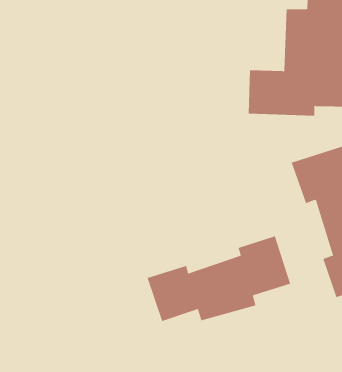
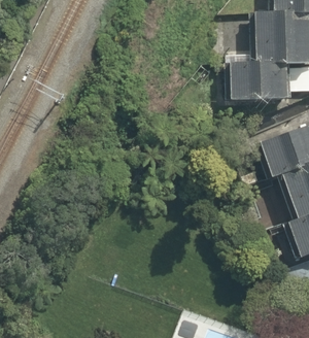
building: [147,236,291,322] -> none

